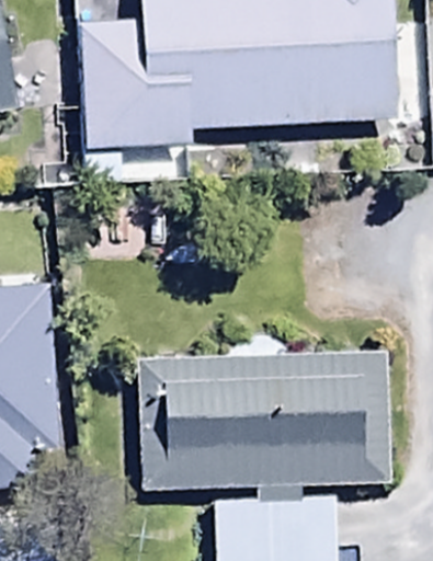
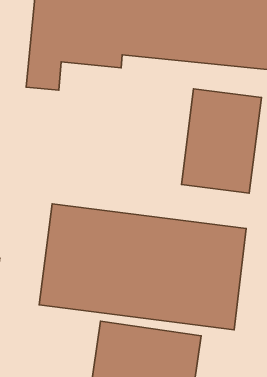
building: none -> [181,89,261,193]

